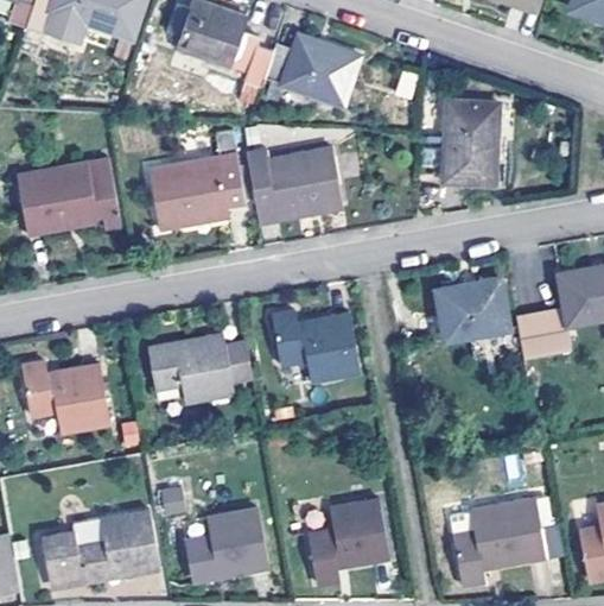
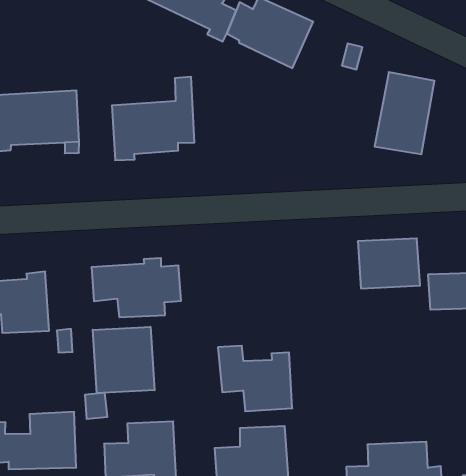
building: [247,149,342,219] -> none
building: [271,310,360,381] -> [218,346,292,411]
building: none -> [93,327,155,393]

